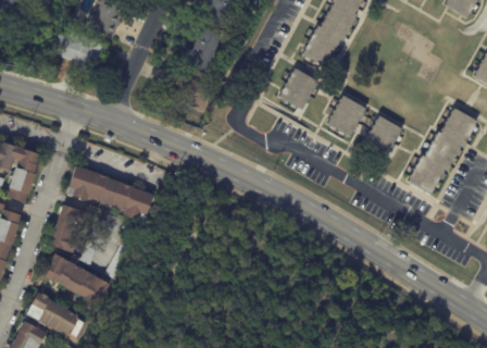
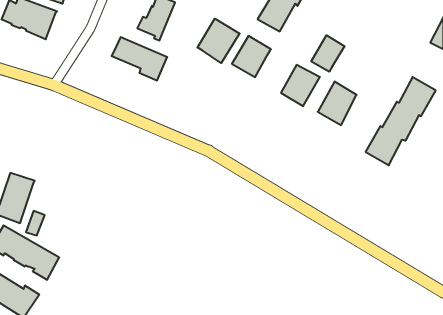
building: none -> [197,19,240,63]
building: none -> [311,35,345,72]
building: [65,164,153,219] -> none

